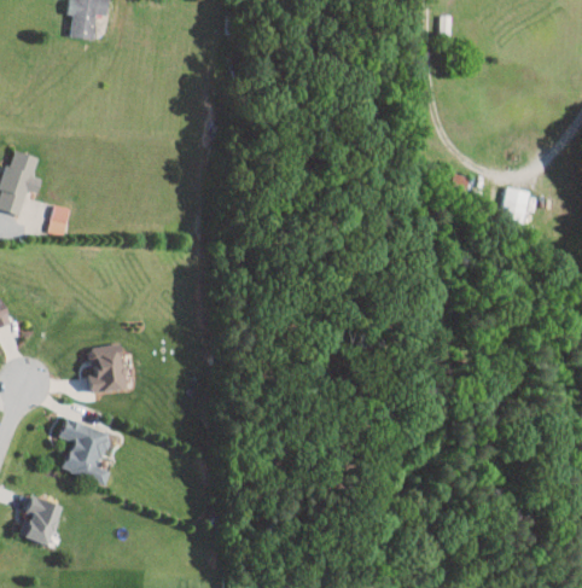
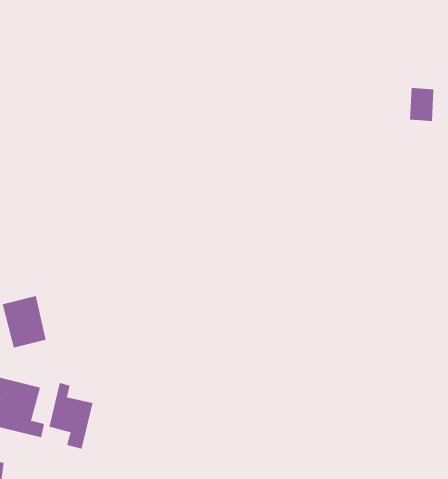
building: none -> [49,382,93,450]

